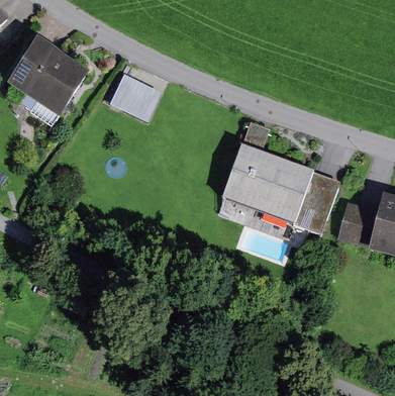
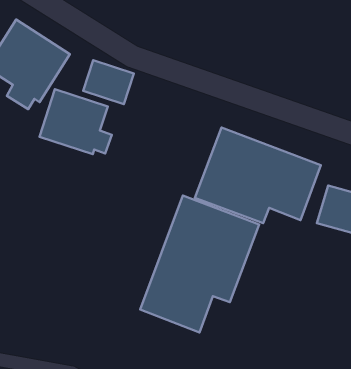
building: none -> [40,89,112,154]
building: none -> [140,196,259,333]

